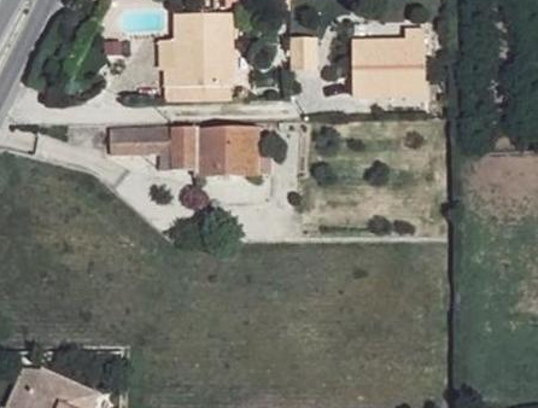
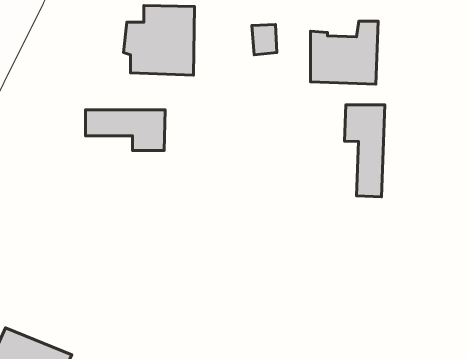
building: none -> [344,105,385,197]
building: [193,128,252,177] -> none

